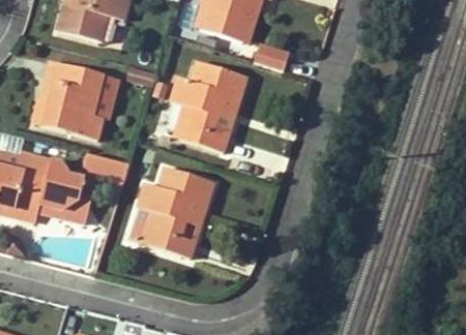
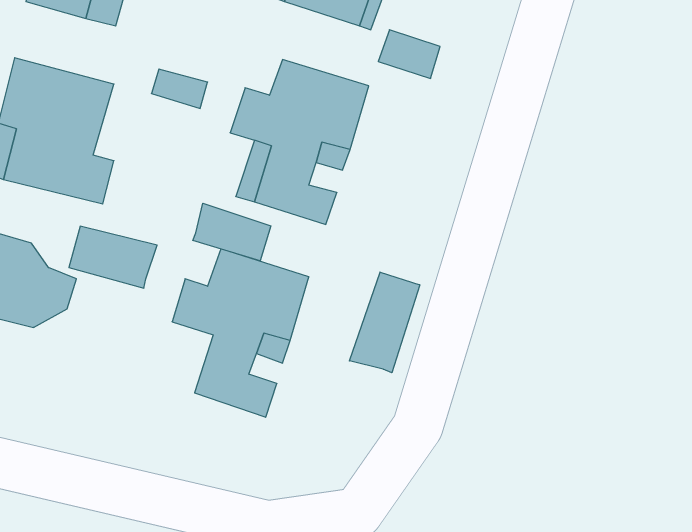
building: none -> [193,203,271,261]
building: none -> [349,272,420,373]
building: [127,206,161,245] -> none

